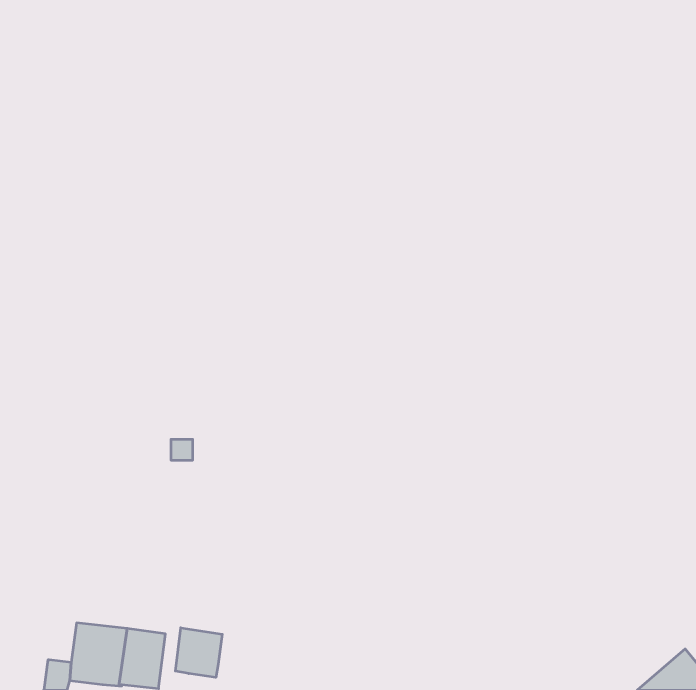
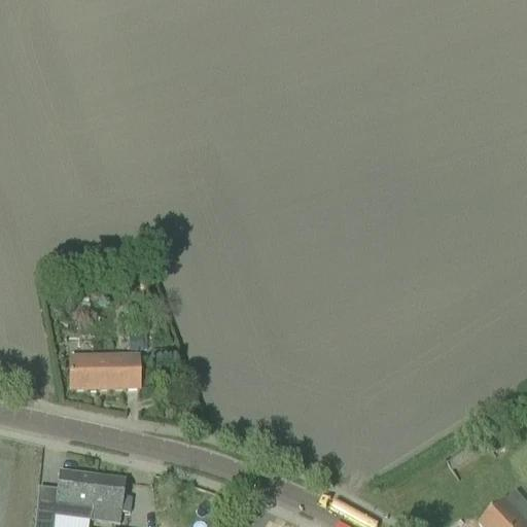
building: none -> [70,352,140,388]
building: [175,628,222,677] -> none

